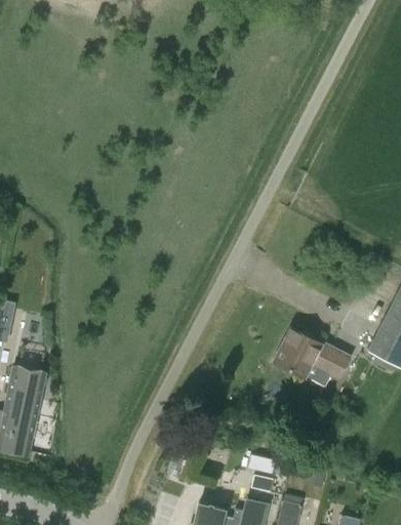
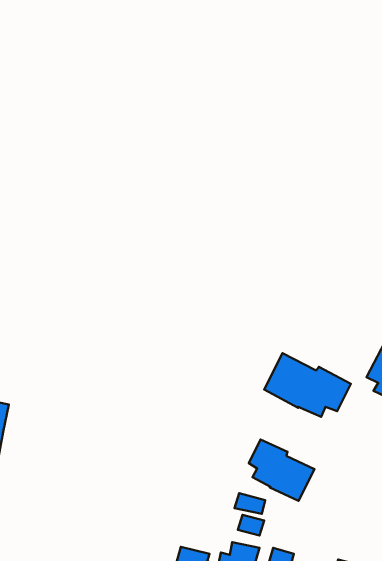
building: none -> [249,439,314,501]

